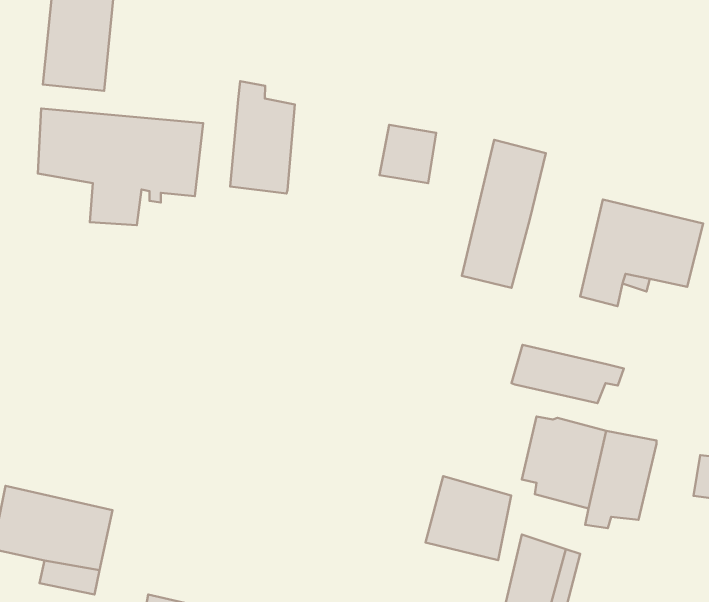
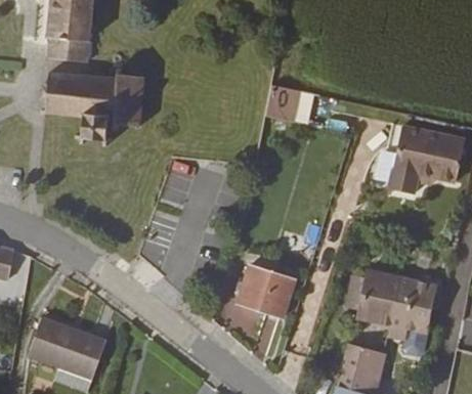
building: [230,81,295,194] -> none
building: [462,140,546,288] -> none
building: [512,345,624,403] -> none
building: [425,476,511,560] -> [240,268,294,321]

